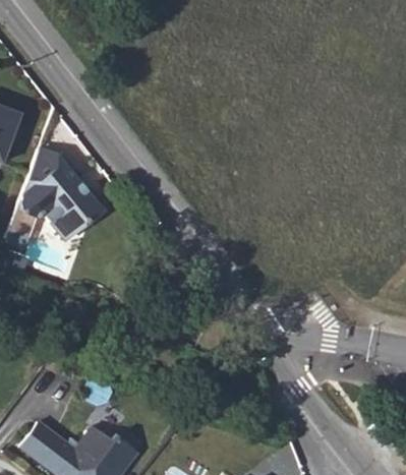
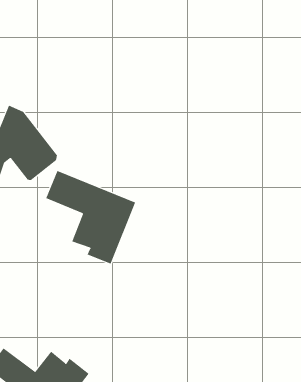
building: none -> [45,170,136,264]

